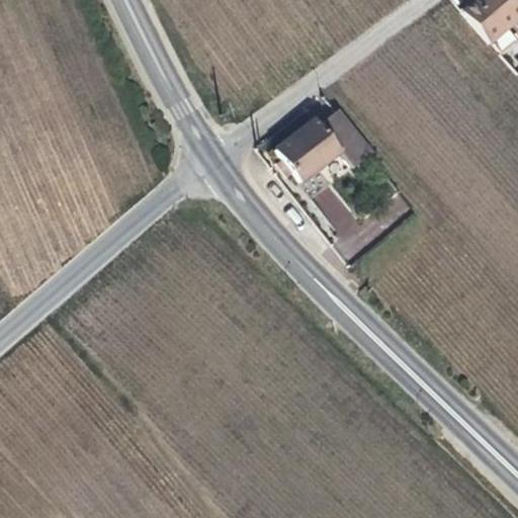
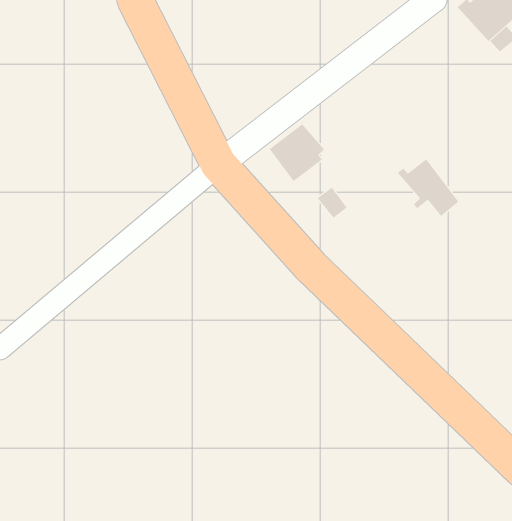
building: [310,108,371,166] -> [397,159,459,217]

